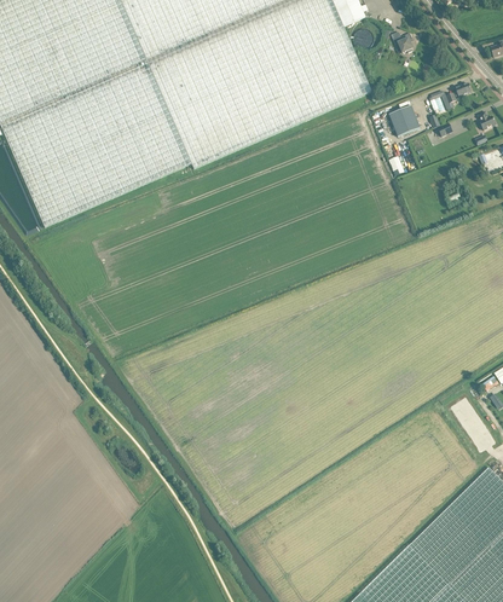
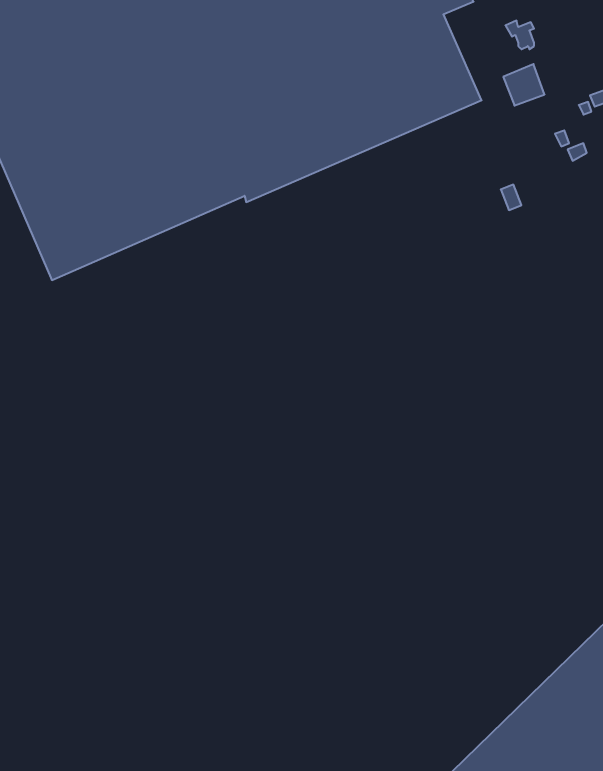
building: [389,103,421,134] -> [503,64,545,106]

